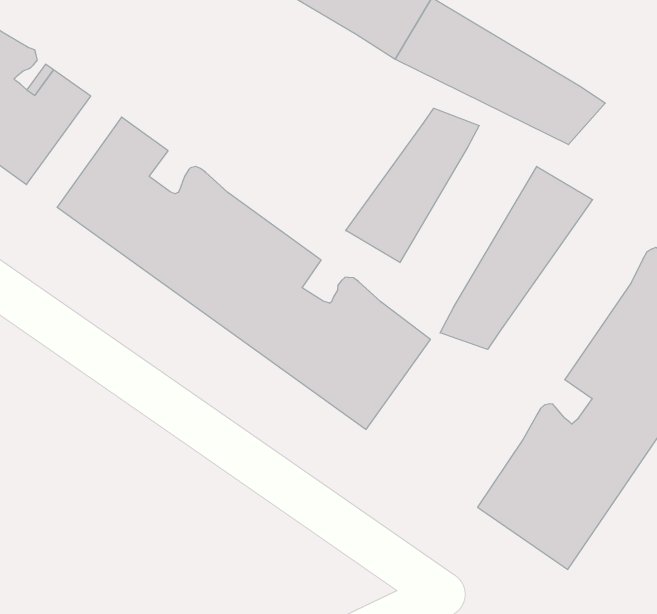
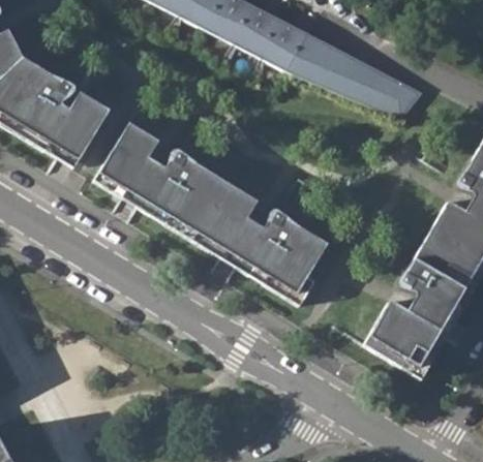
building: [346,108,479,263] -> none
building: [440,166,593,349] -> none

